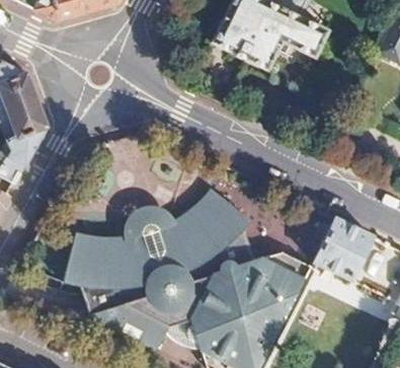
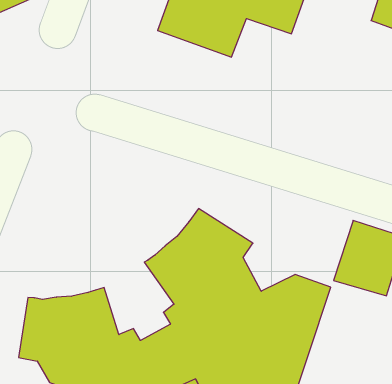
building: [125,210,184,284] -> none

